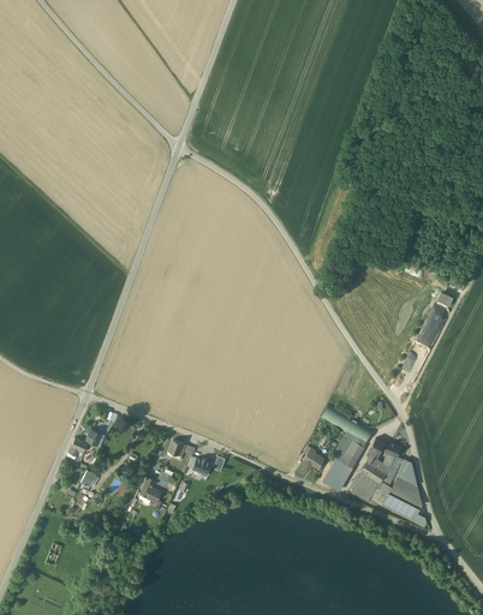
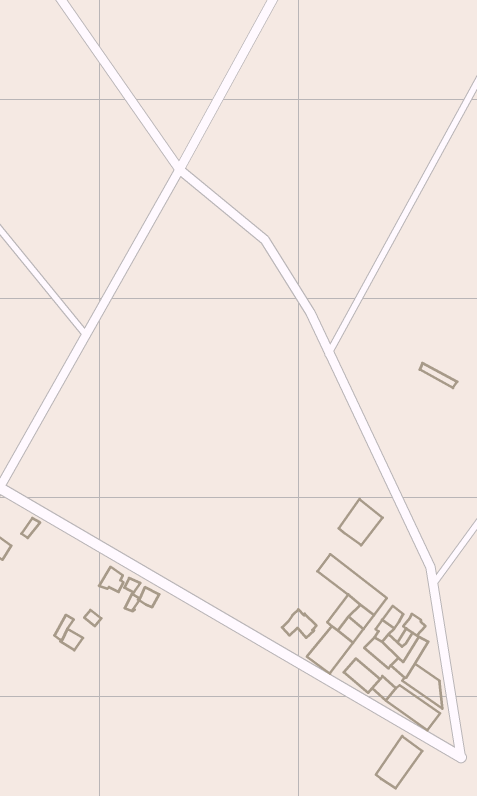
building: none -> [339,499,383,545]
building: none -> [376,736,422,788]

